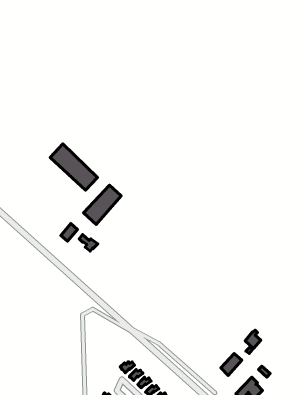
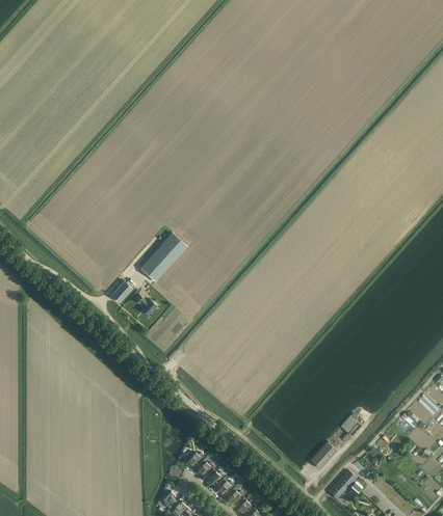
building: [50,144,98,190] -> none

